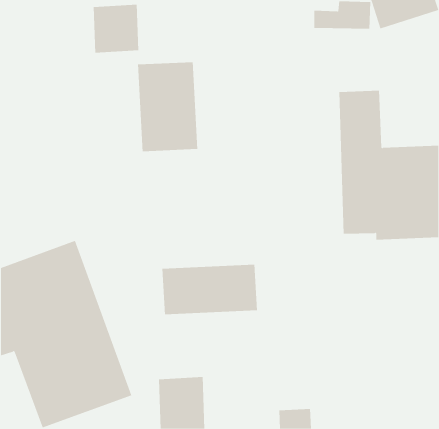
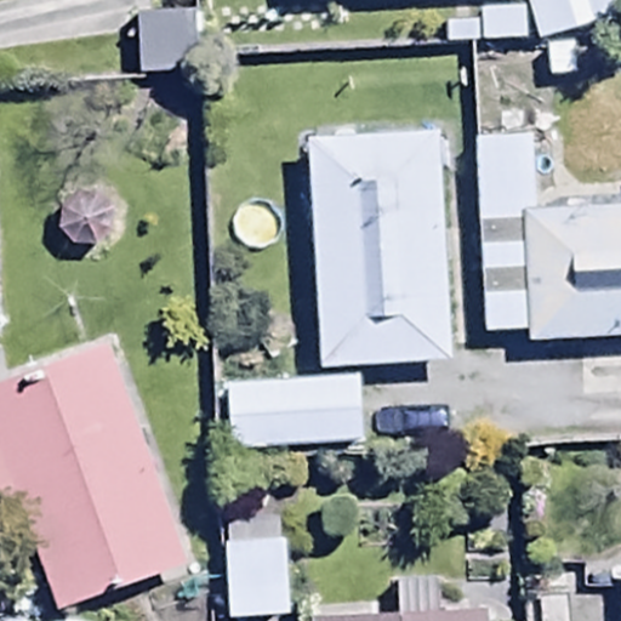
building: [138,61,198,152] -> none
building: none -> [309,127,451,365]

